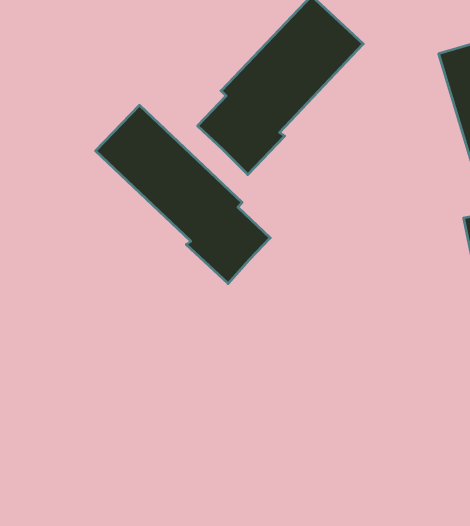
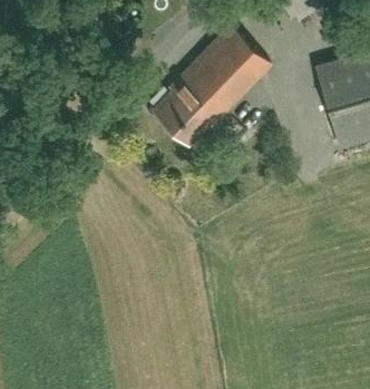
building: [96,105,270,284] -> none

